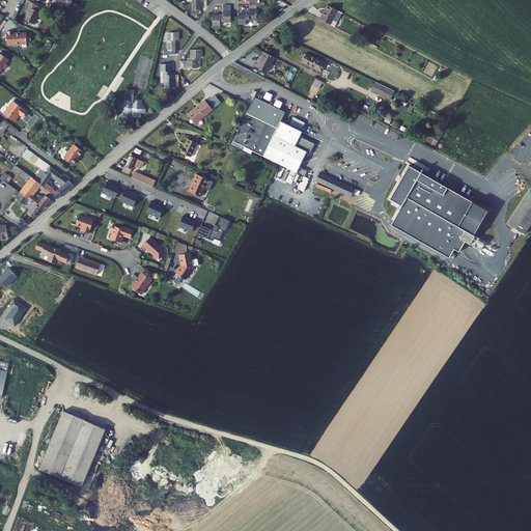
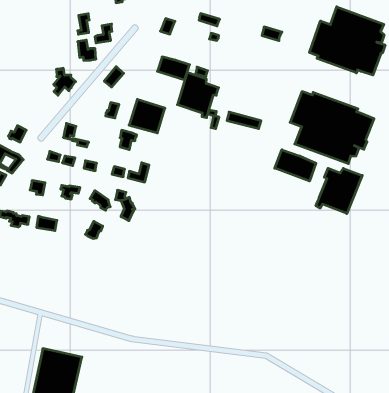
building: none -> [309,7,385,75]
building: [232,113,277,156] -> [129,99,165,133]
building: none -> [275,150,316,181]
building: none -> [316,168,362,214]

